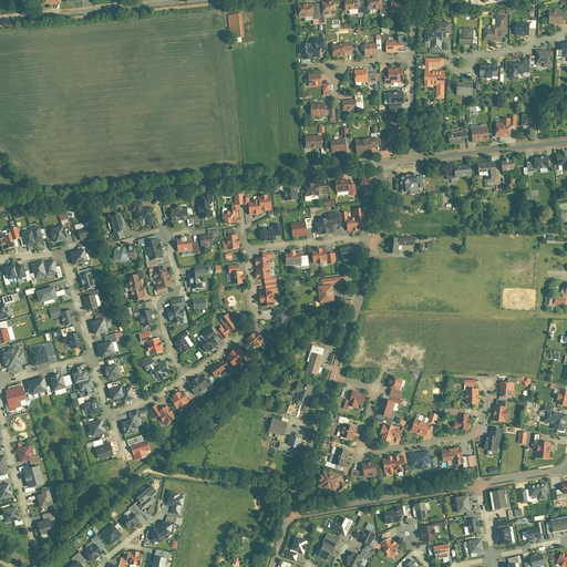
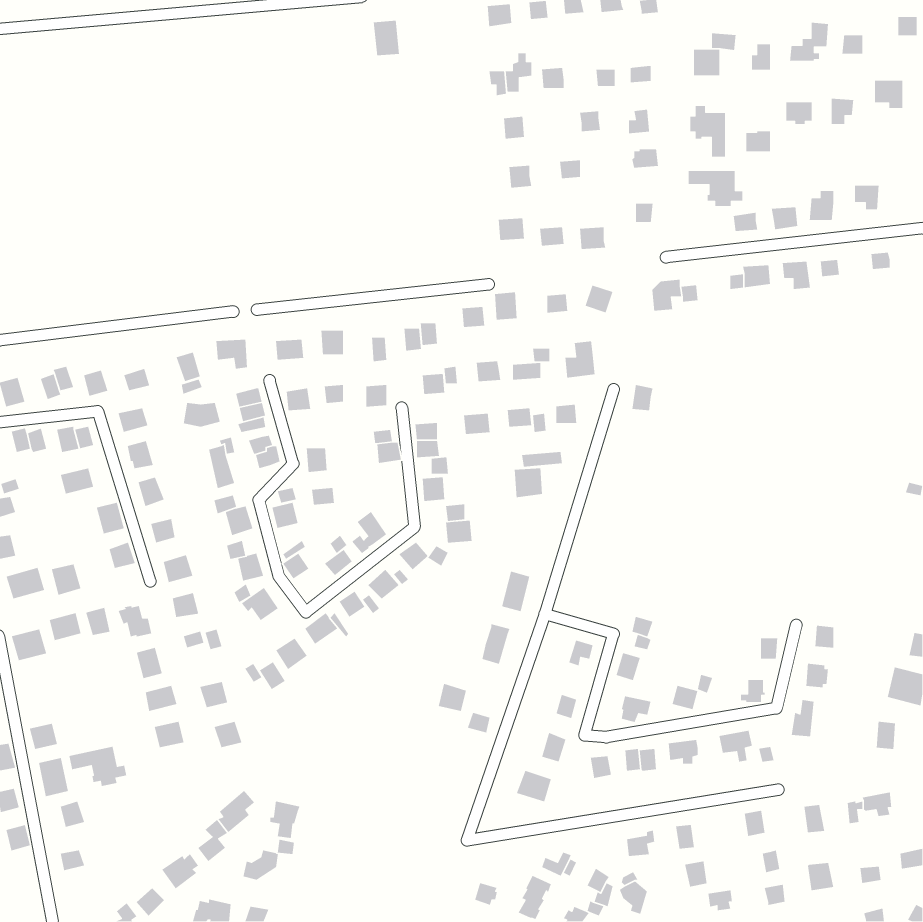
building: none -> [688,170,743,207]
building: none -> [68,746,127,787]

